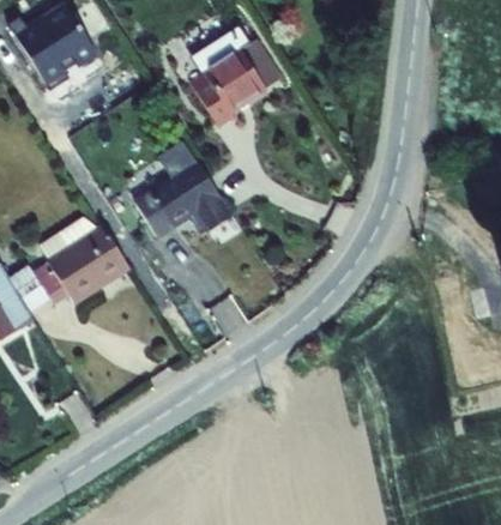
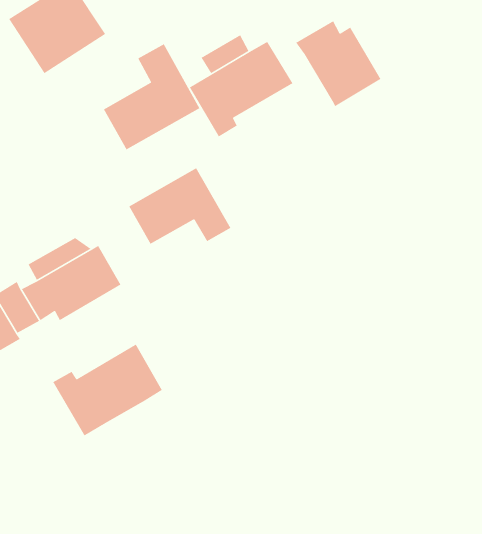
building: none -> [295,20,382,107]
building: none -> [103,43,201,151]
building: none -> [52,344,163,436]

